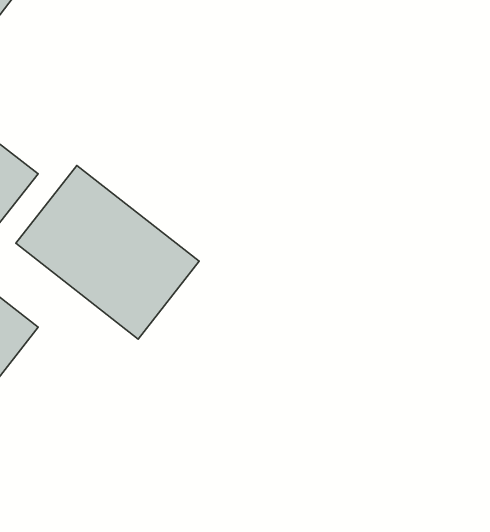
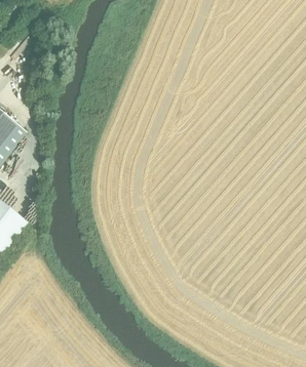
building: [16,165,199,339] -> none

